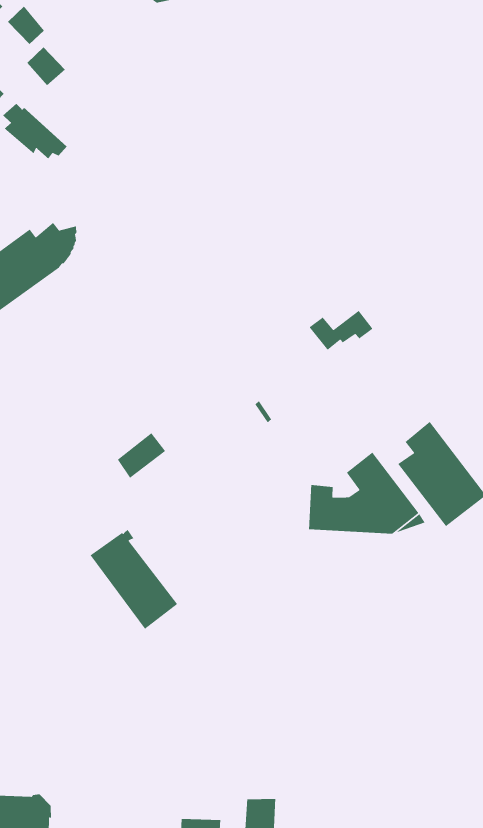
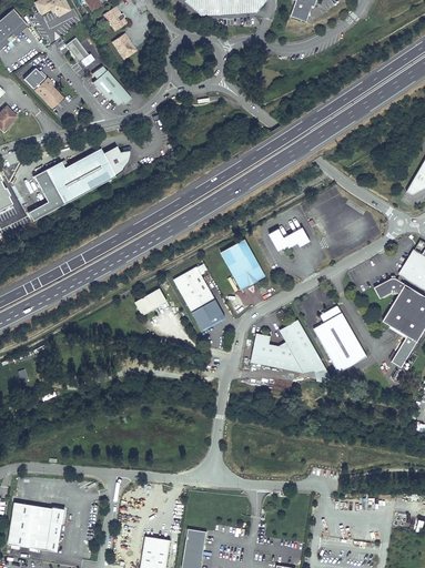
building: none -> [221,239,265,288]
building: [89,529,178,630] -> [174,265,226,331]

